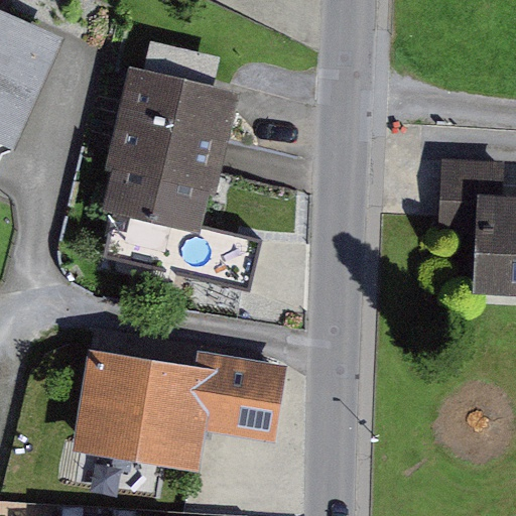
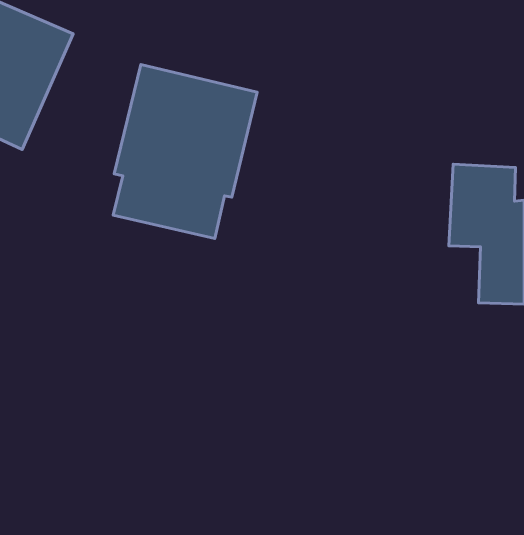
building: [79,351,293,471] -> none

